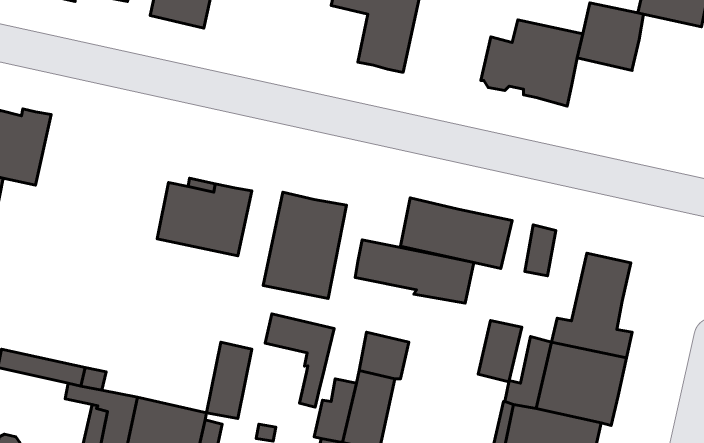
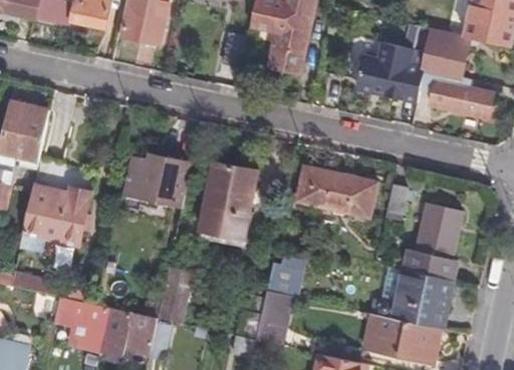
building: none -> [418,68,493,117]
building: none -> [22,158,93,244]
building: [355,240,474,303] -> none
building: [265,314,334,407] -> none
building: [478,320,522,382] -> none

